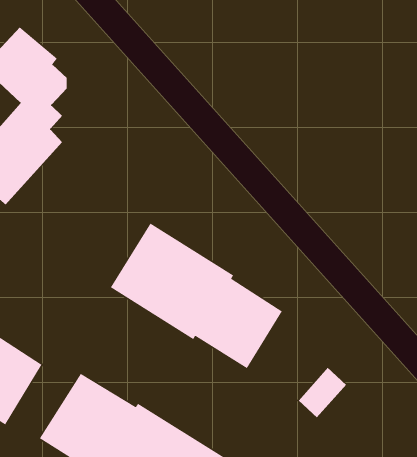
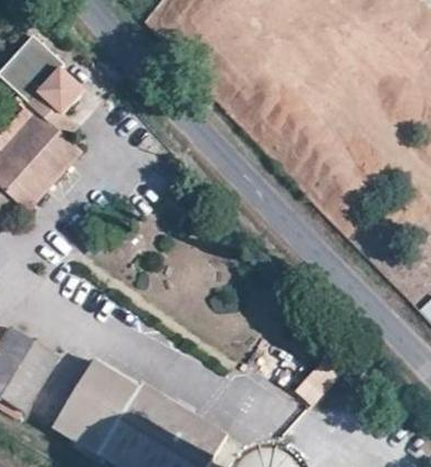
building: [110,223,283,369] -> none

